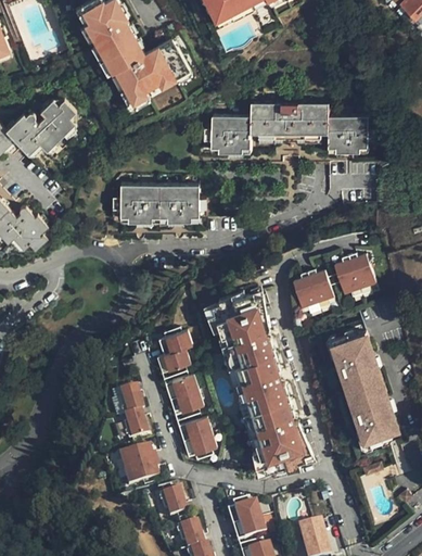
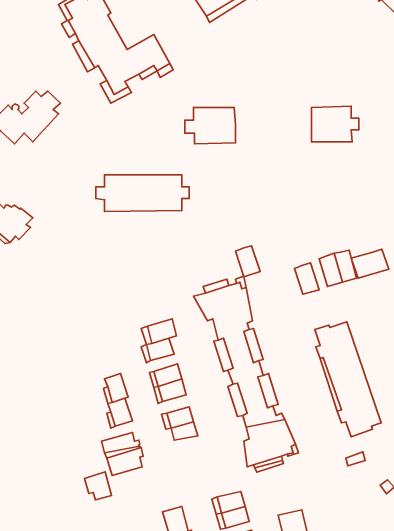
building: [252,101,330,132] -> none
building: none -> [351,249,389,278]
building: [296,278,321,309] -> [235,246,260,277]
building: [161,488,188,516] -> [85,472,111,500]

